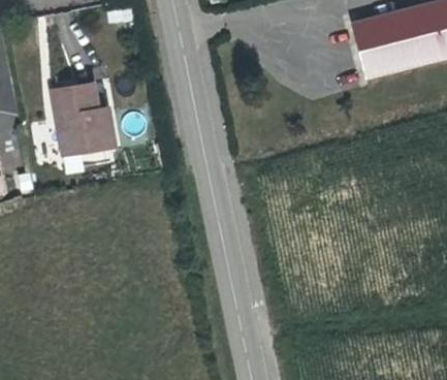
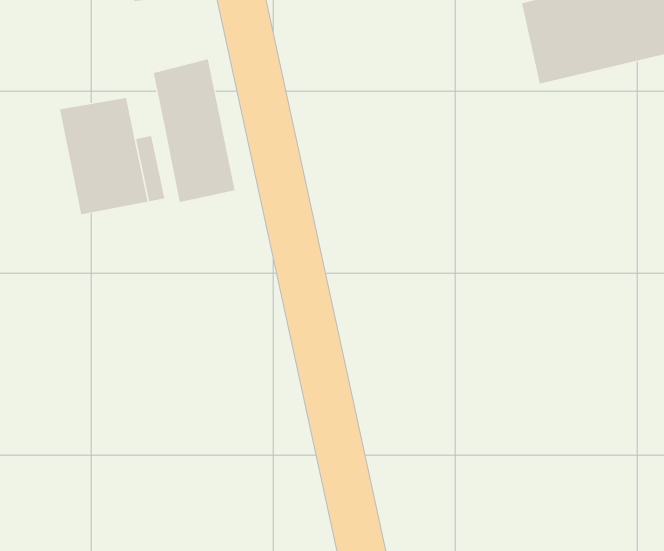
building: none -> [153,59,235,203]

